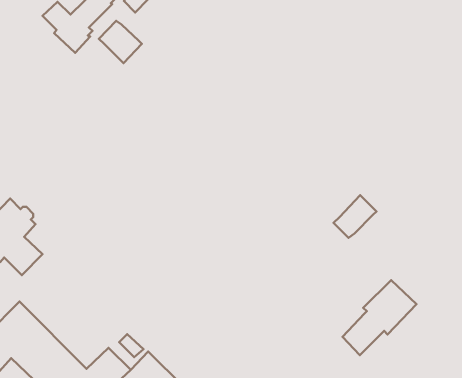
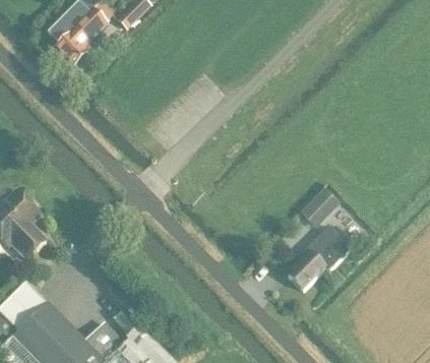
building: [99,21,142,63] -> none
building: [342,280,417,355] -> [288,225,353,291]

